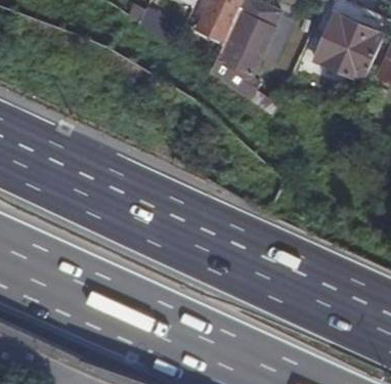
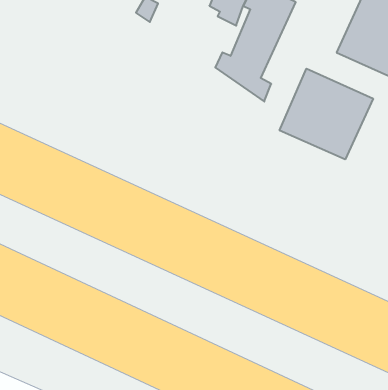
building: none -> [280,69,373,159]

